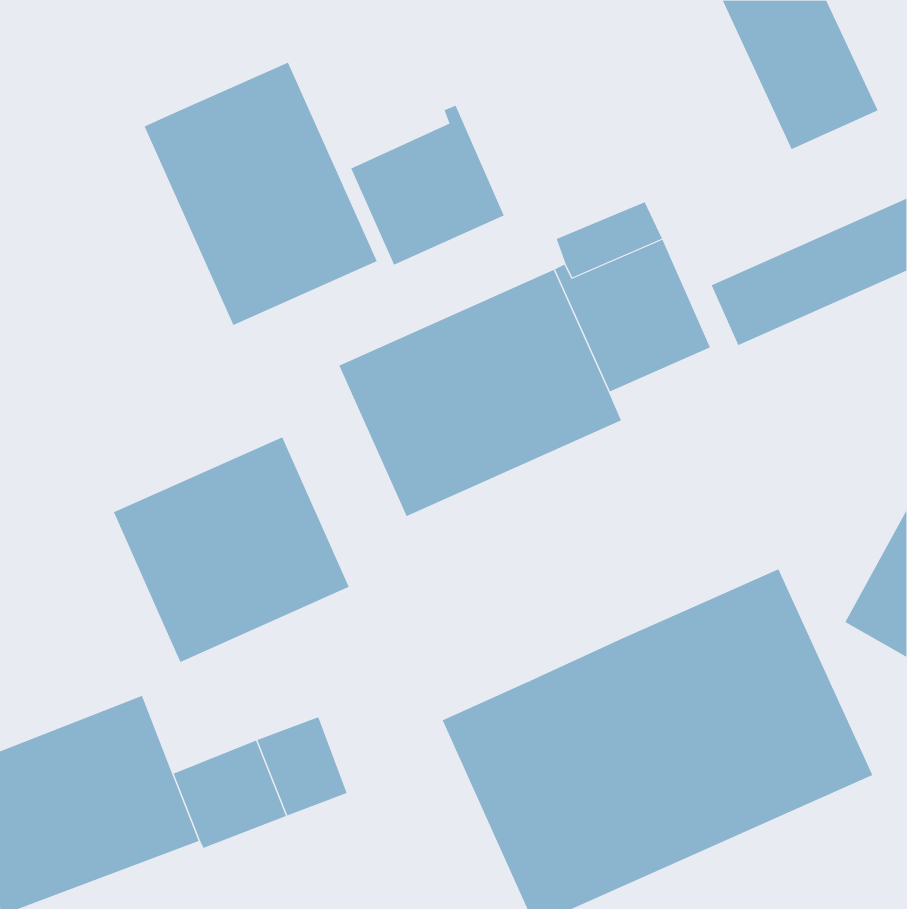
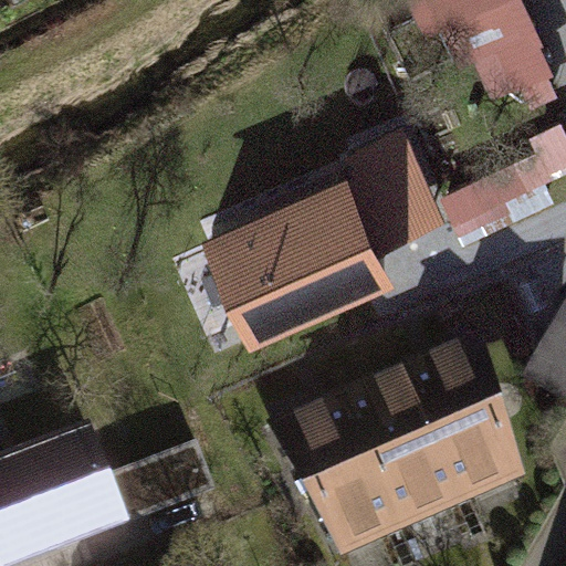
building: [144,62,377,326] -> none
building: [350,105,504,266] -> none
building: [113,436,350,663] -> none

